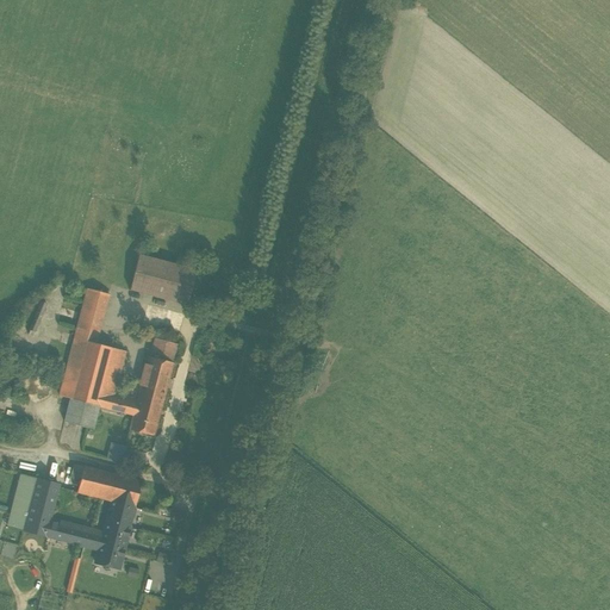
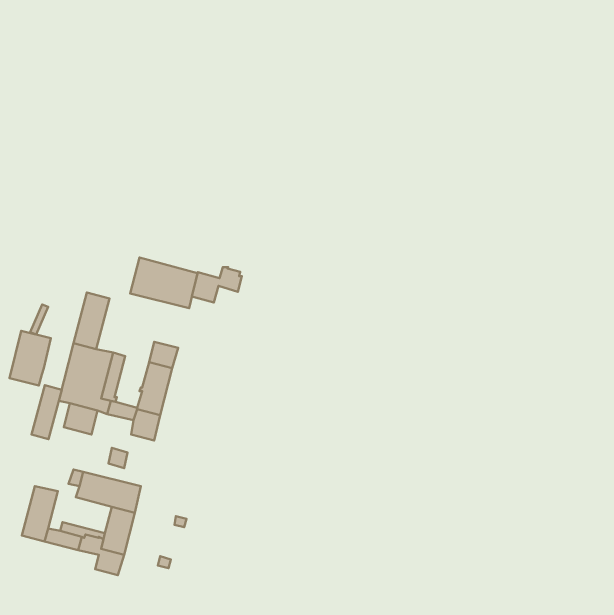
building: none -> [192,267,242,303]
building: none -> [9,331,51,385]
building: [6,477,36,530] -> [32,385,62,439]

